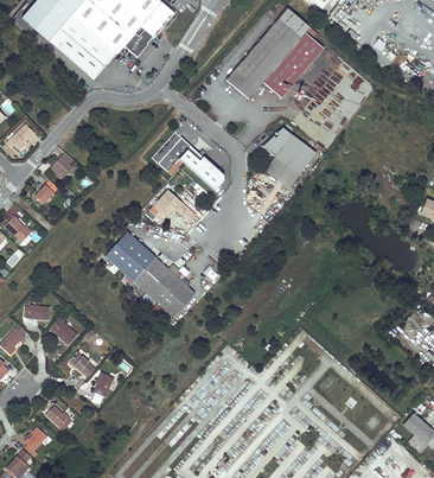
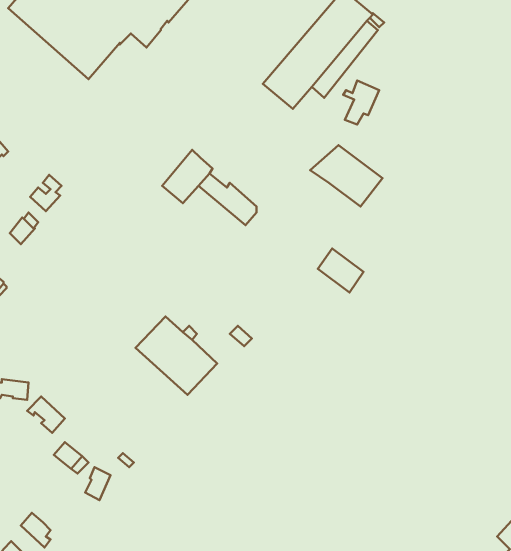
building: [266,157,300,190] -> [318,248,364,292]
building: [148,190,196,222] -> none
building: [103,231,153,281] -> none

